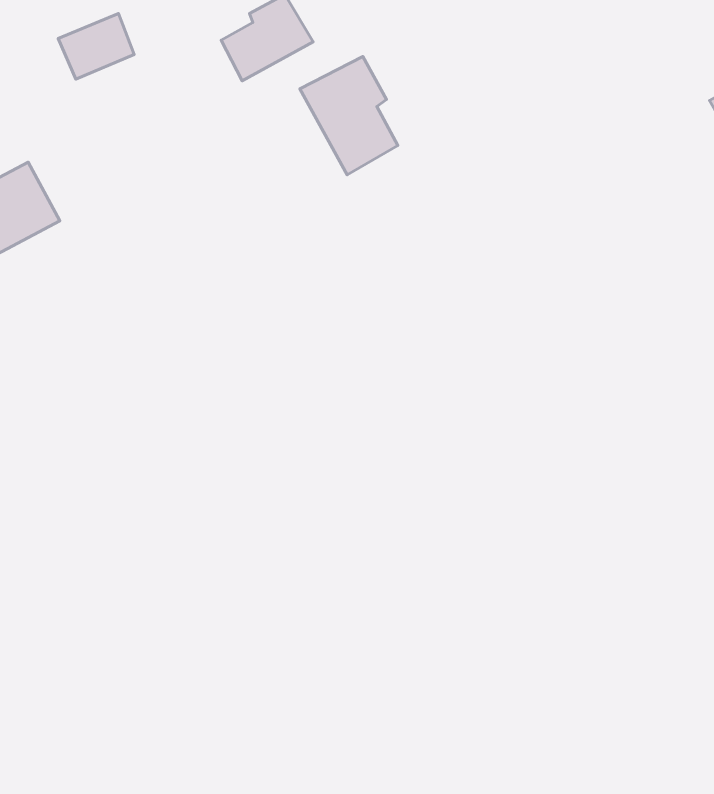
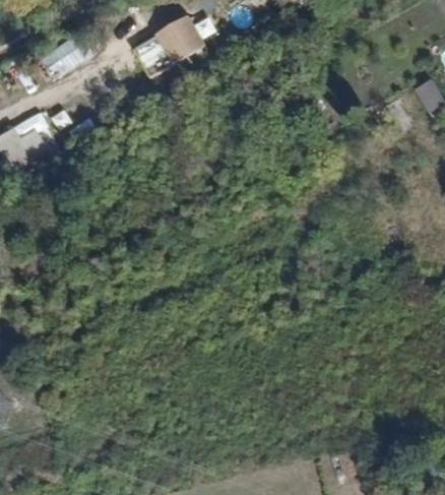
building: [300,57,398,175] -> none

